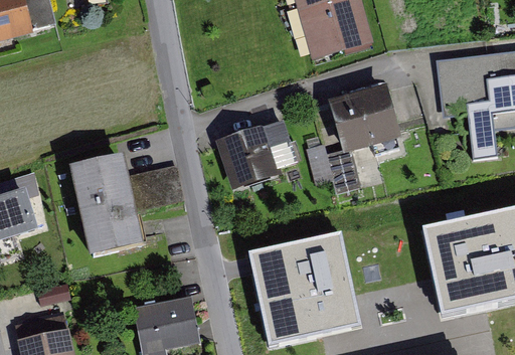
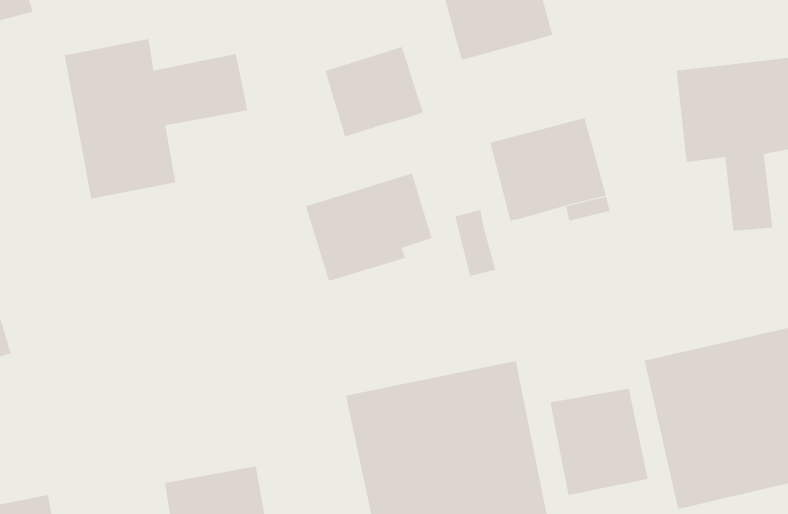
building: none -> [325,46,423,138]
building: [326,147,361,194] -> none
building: [73,154,184,250] -> [64,38,248,199]
building: none -> [550,388,648,496]

